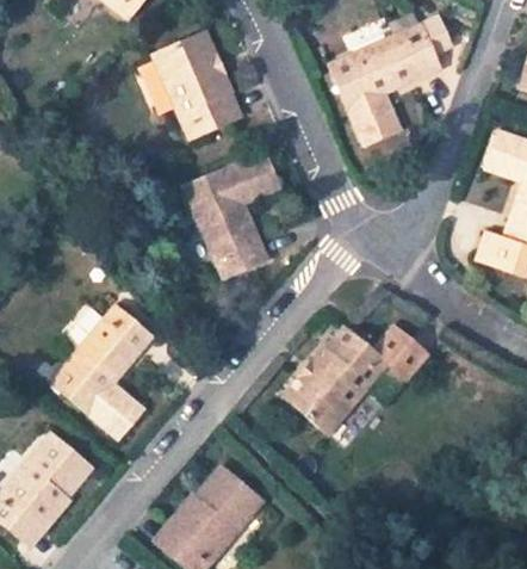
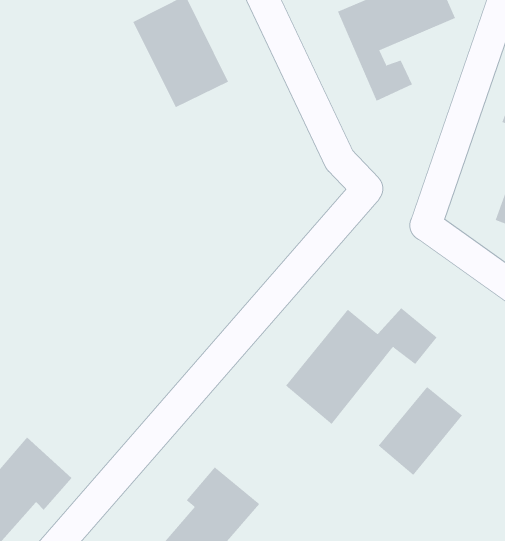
building: [187,157,281,283] -> none
building: [55,317,156,451] -> none
building: none -> [378,386,463,476]

